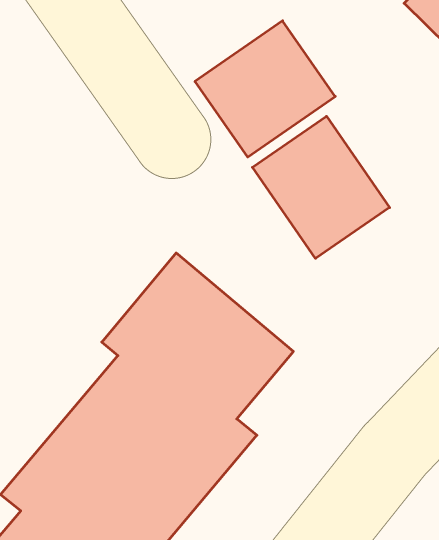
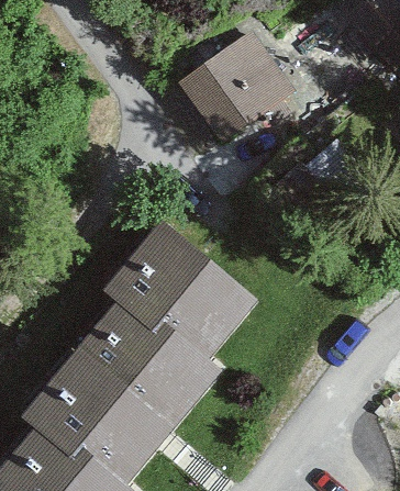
building: [252,116,390,258] -> none

